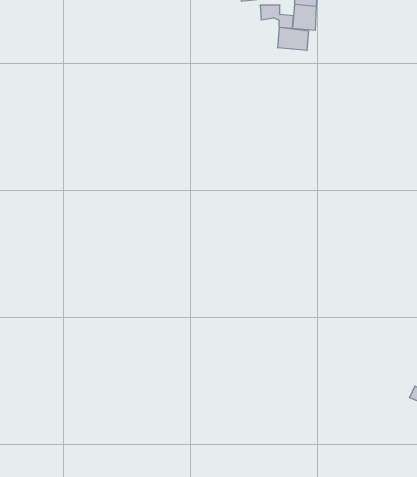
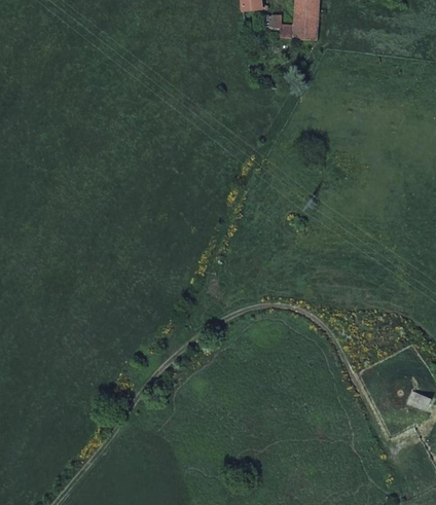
building: [278,27,309,51] -> none

